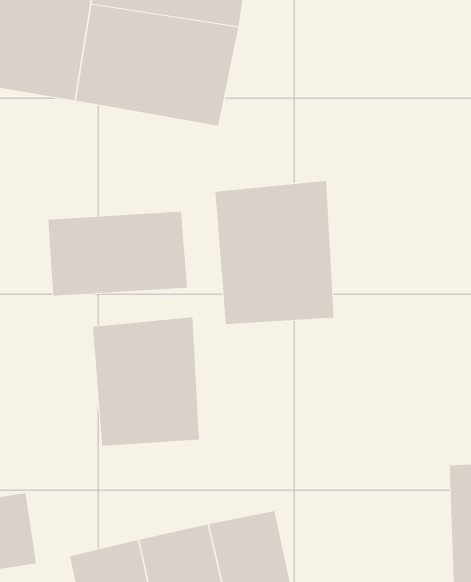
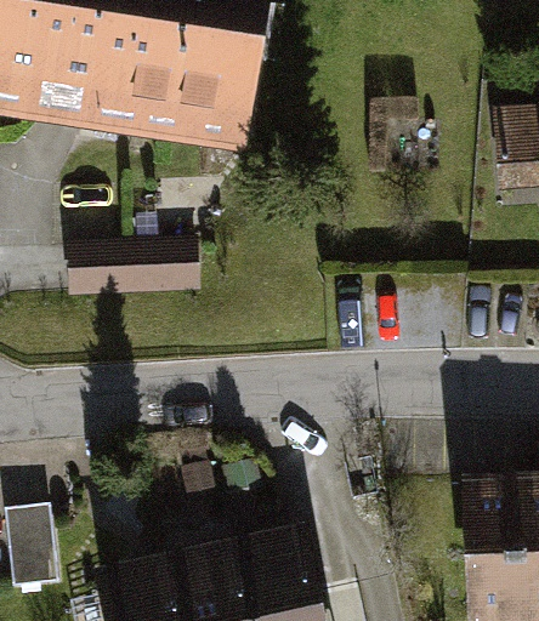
building: [215,180,334,325] -> none
building: [92,316,199,446] -> none

